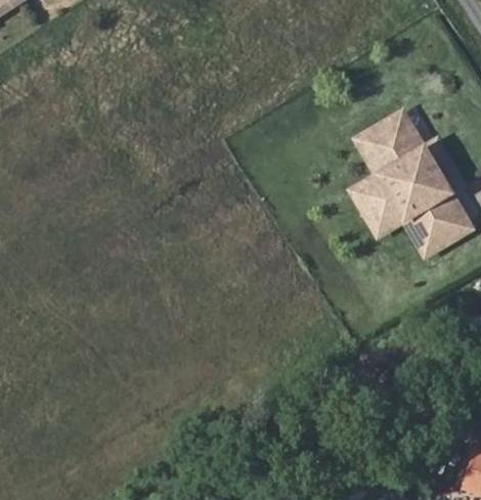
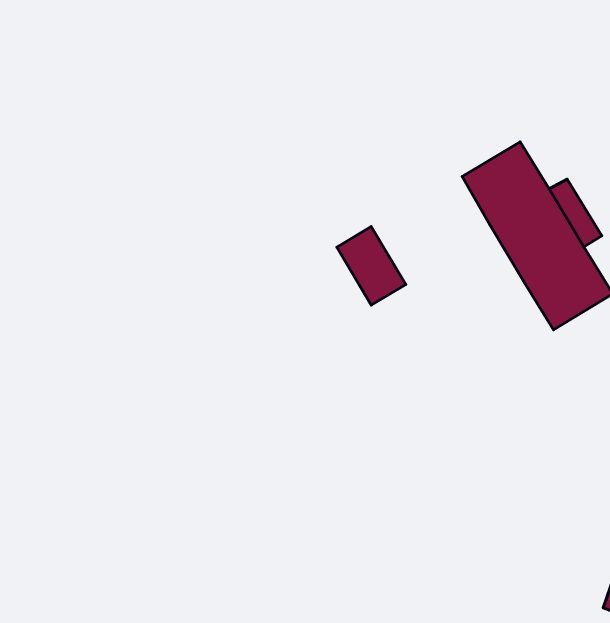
building: [354,179,405,237] -> [337,227,406,305]

